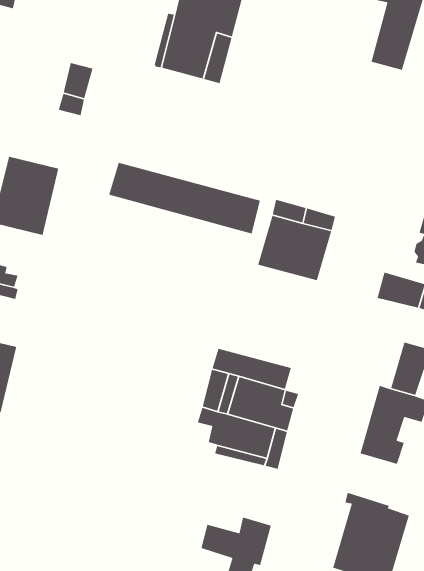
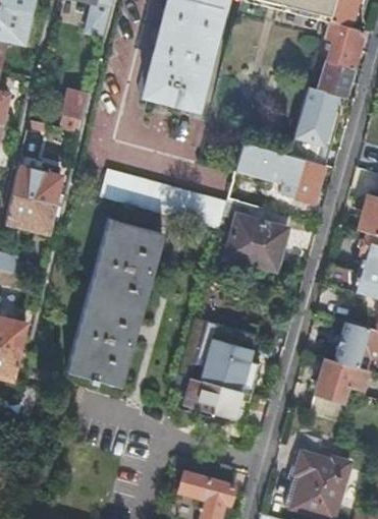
building: none -> [301,97,343,155]
building: none -> [237,142,326,205]
building: none -> [68,221,163,387]

